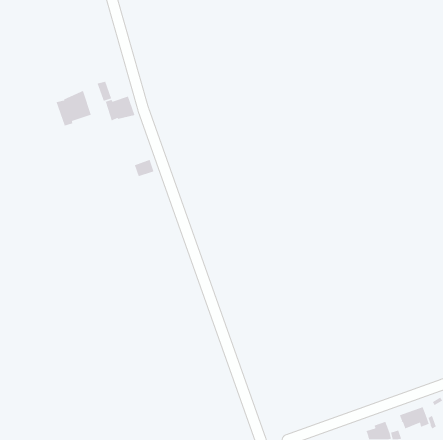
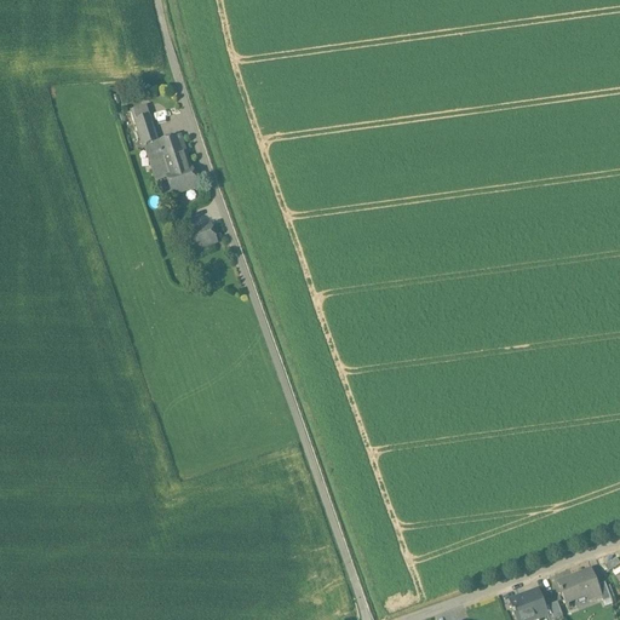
building: [56,90,92,127] -> none
building: none -> [163,161,196,191]

